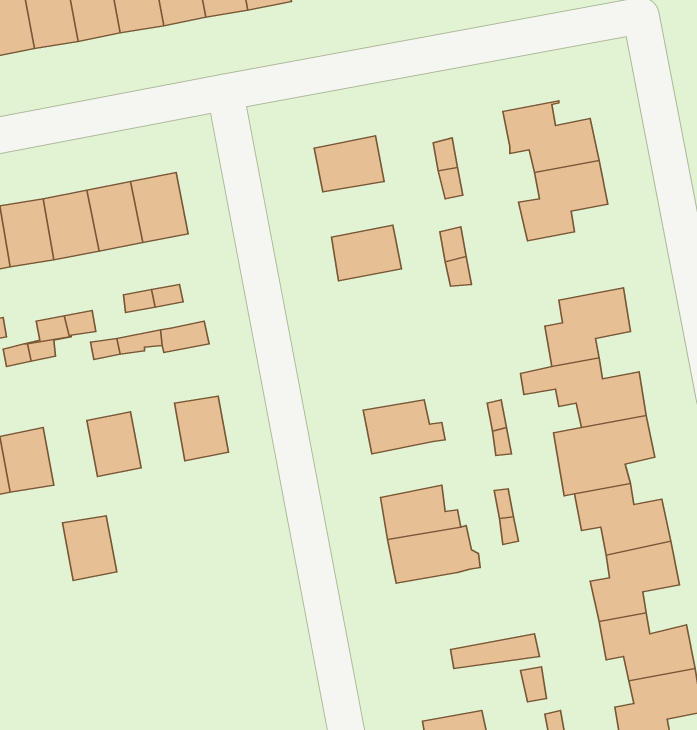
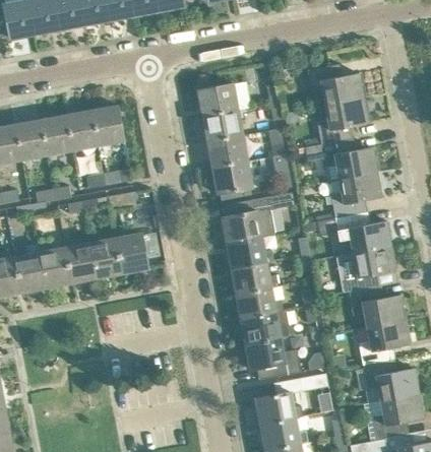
building: none -> [202,110,243,142]
building: none -> [305,139,377,179]
building: none -> [211,160,253,194]
building: none -> [222,192,294,243]
building: none -> [90,239,122,276]
building: none -> [231,261,278,294]
building: [63,516,117,580] -> [40,249,71,286]
building: none -> [245,337,301,380]
building: none -> [255,393,302,424]

